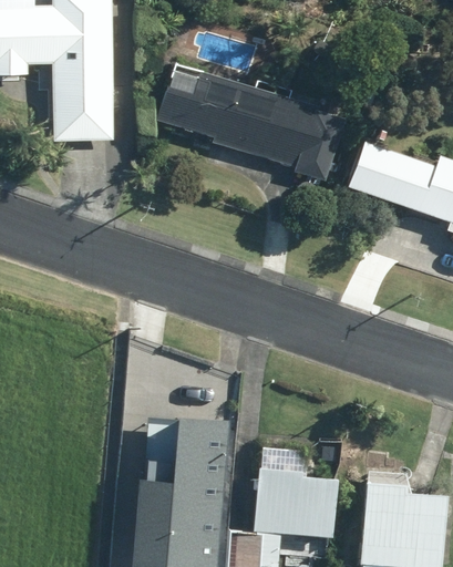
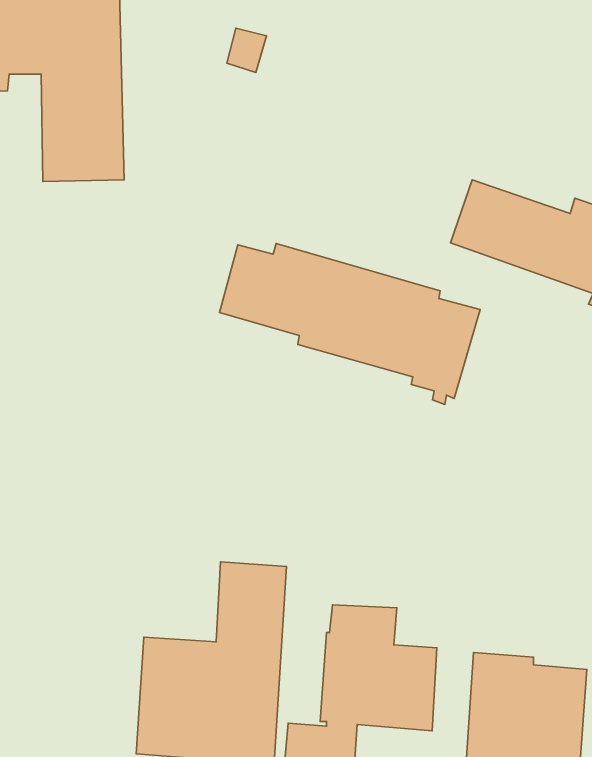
building: [157,71,346,187] -> [220,243,480,404]

